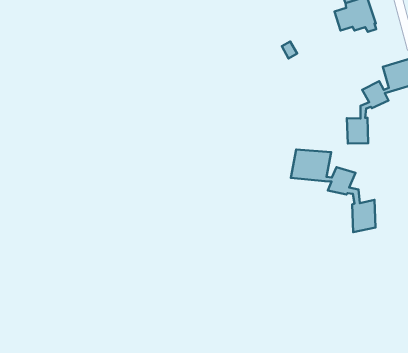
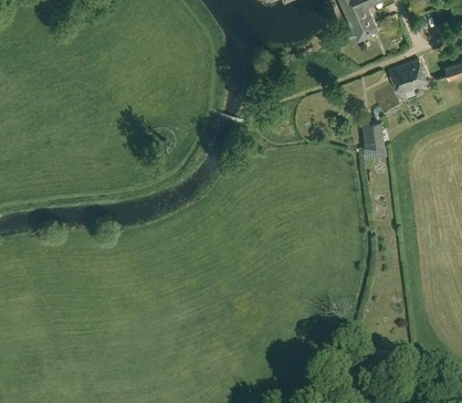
building: [291,149,376,232] -> none

